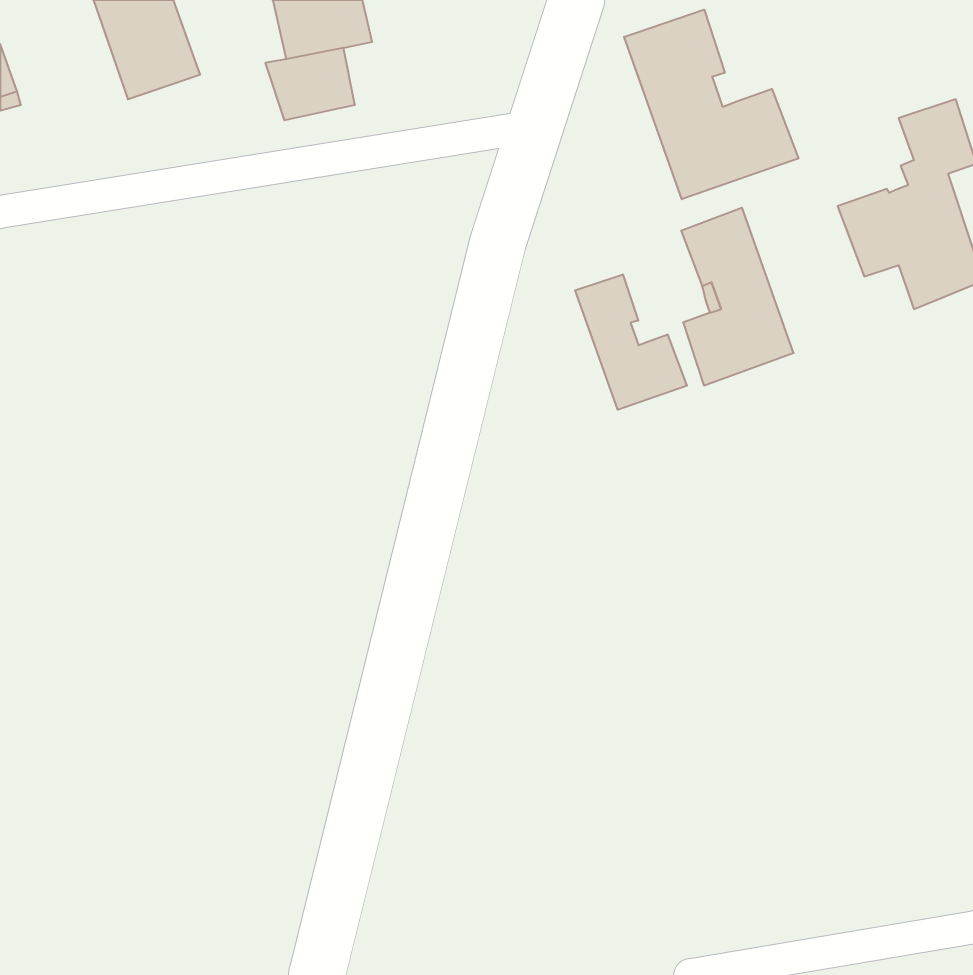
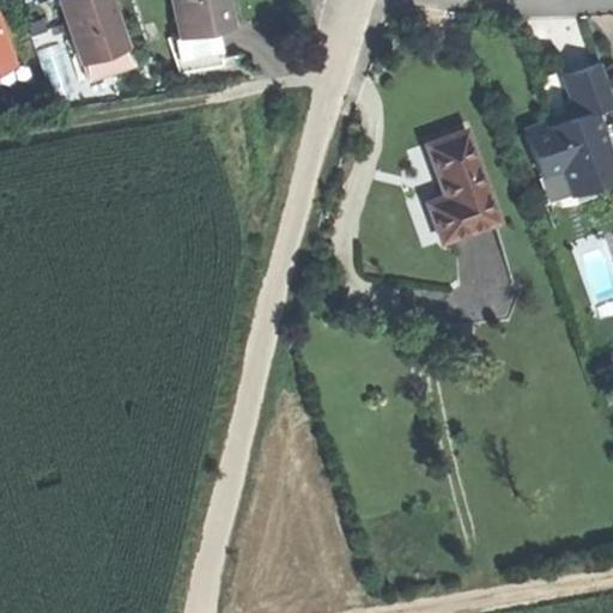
building: [624,10,798,199] -> none
building: [575,274,687,410] -> none

